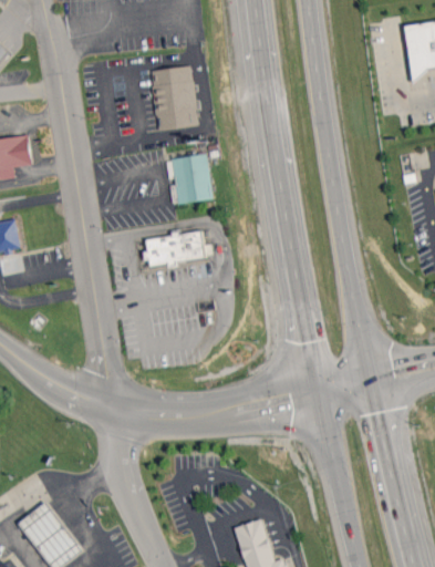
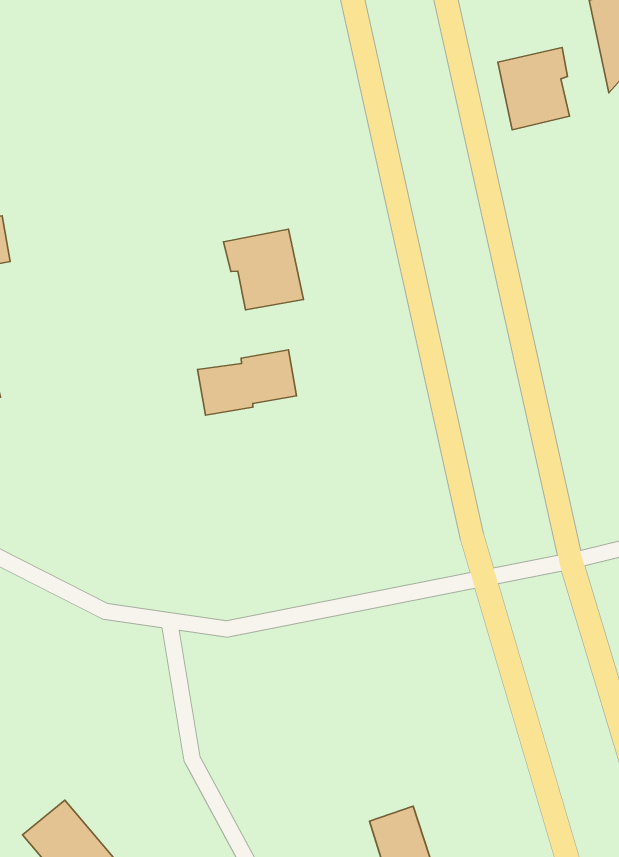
building: none -> [498,47,569,130]
building: [151,66,198,131] -> none

